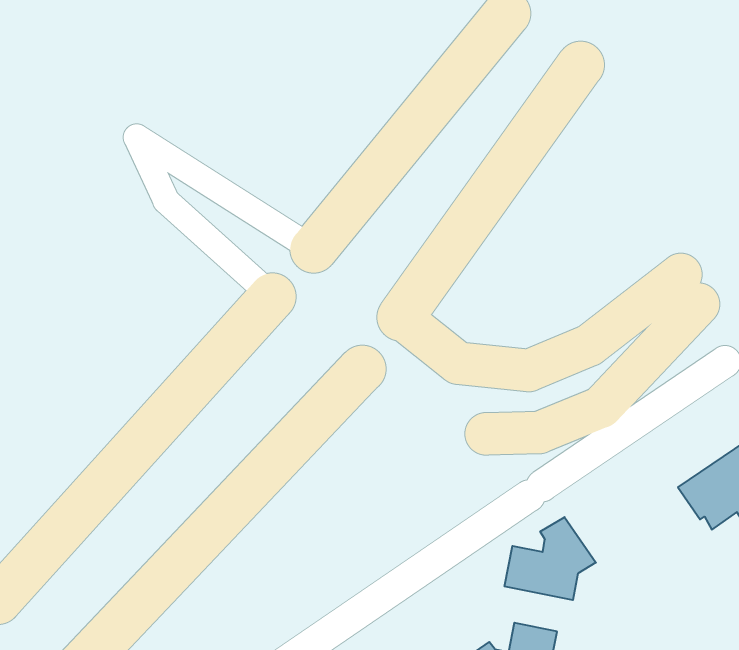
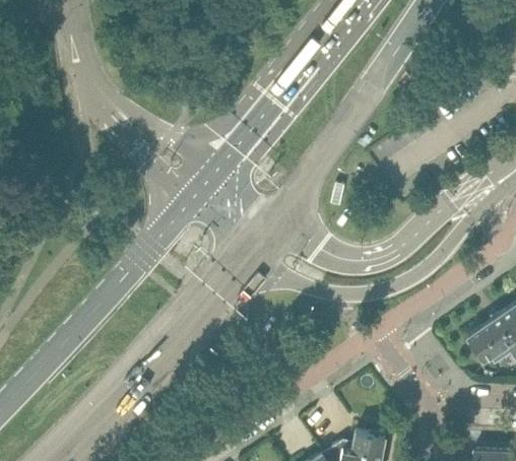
building: [505,517,596,600] -> none

